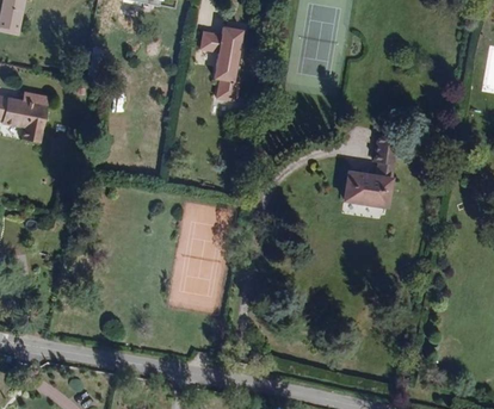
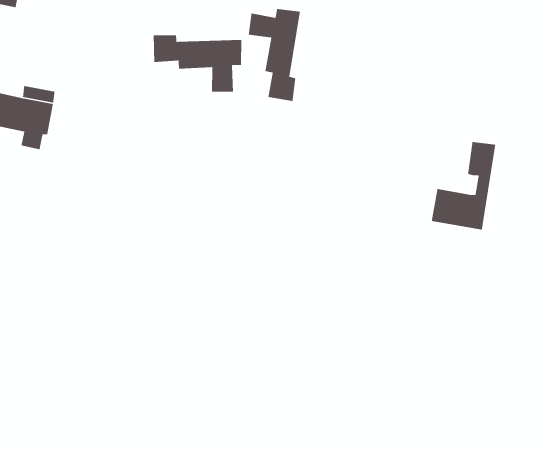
building: none -> [153,34,242,93]

